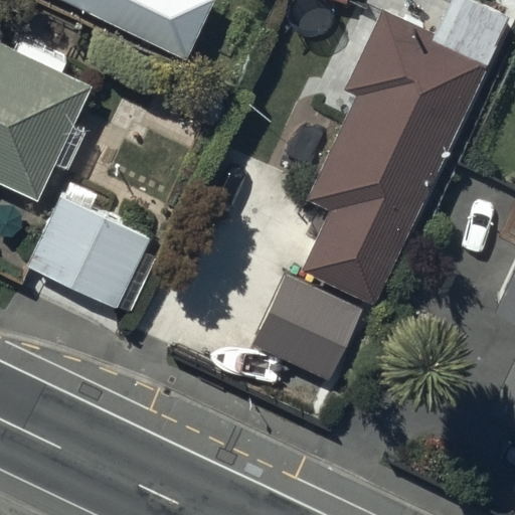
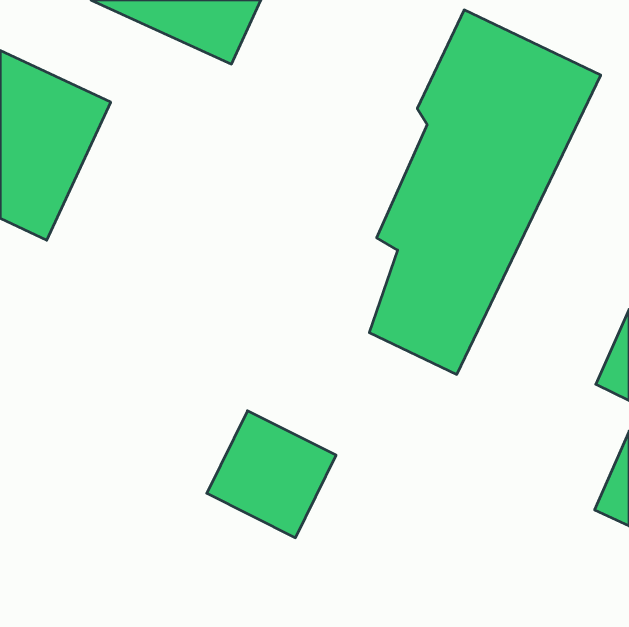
building: [31,198,154,308] -> none
building: [256,276,362,379] -> [207,411,336,538]

